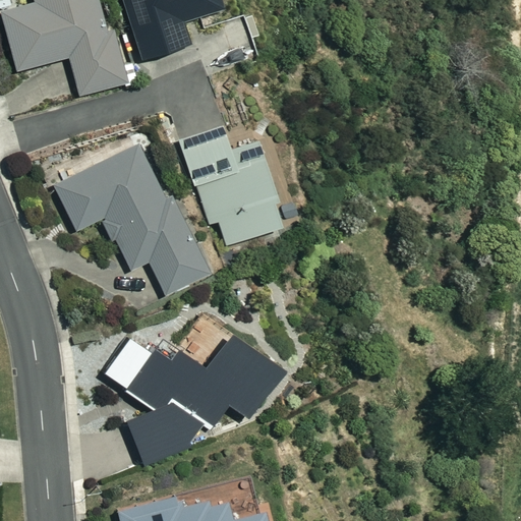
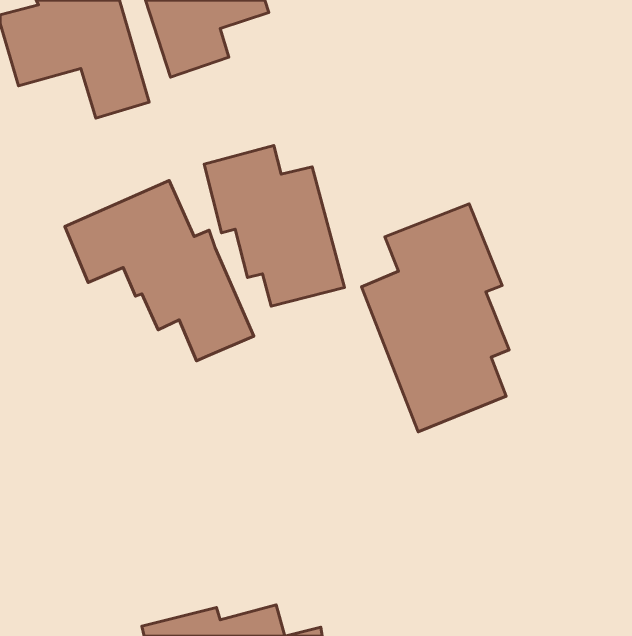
building: none -> [362,204,509,432]
building: [105,336,282,462] -> none

